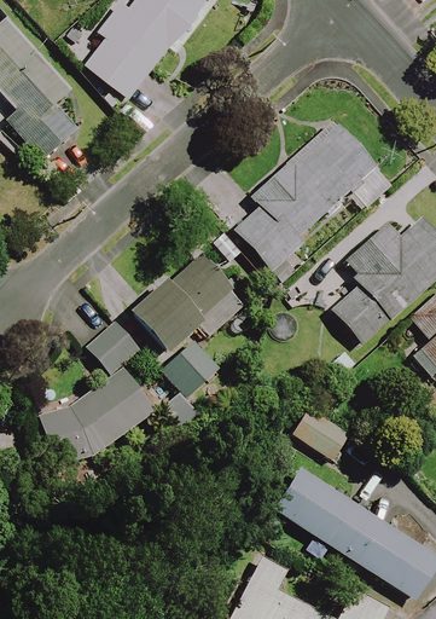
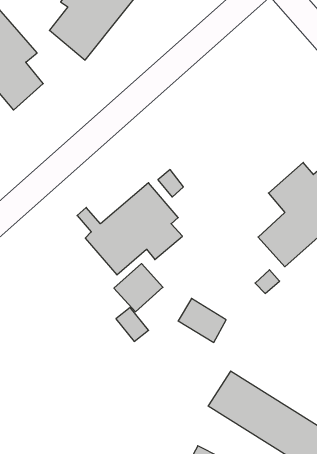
building: [234,123,391,270] -> none
building: [37,323,155,464] -> none
building: [291,406,348,458] -> [178,298,226,342]

